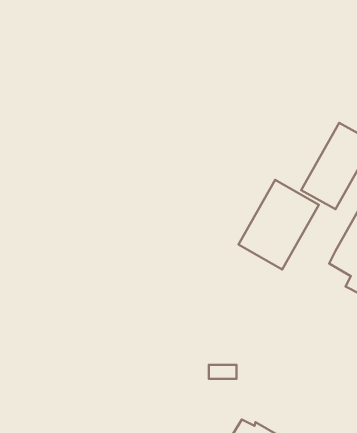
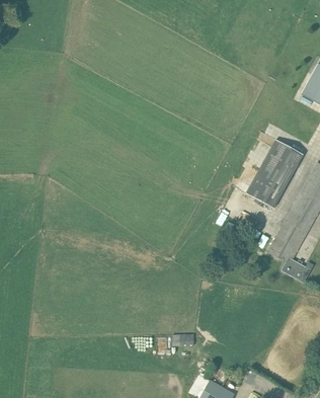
building: [239,180,319,270] -> none

